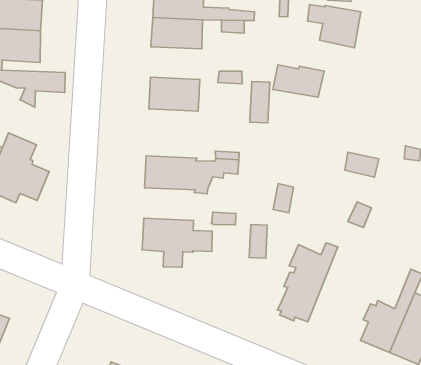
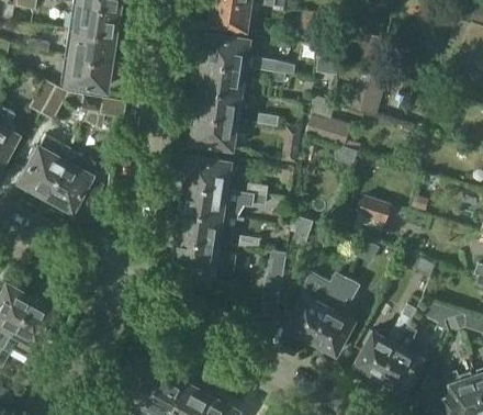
building: none -> [200,87,247,120]
building: none -> [189,155,236,188]
building: none -> [181,209,228,242]
building: none -> [314,282,357,355]

